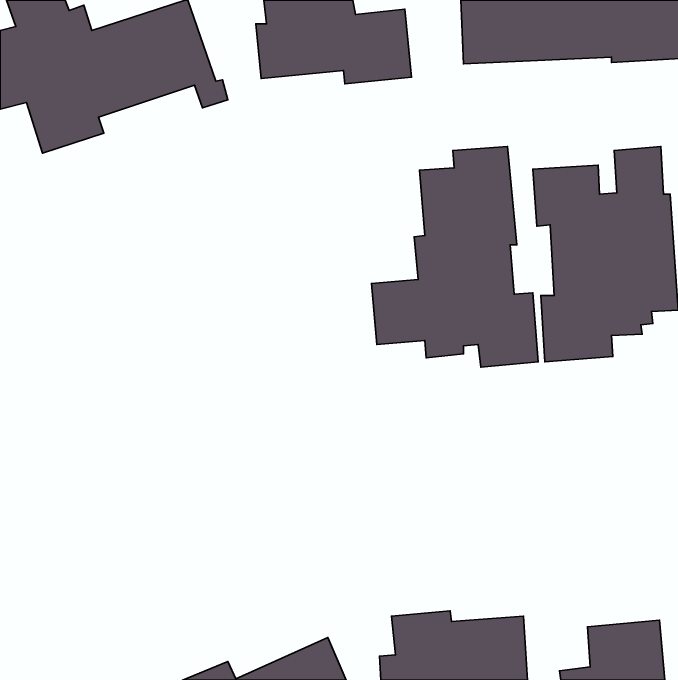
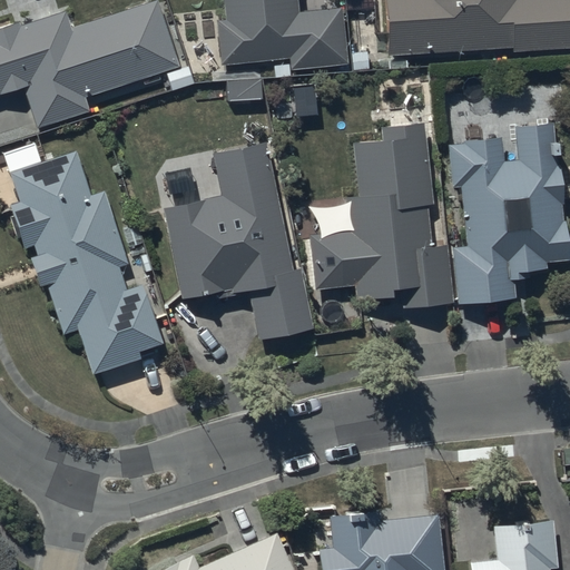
building: none -> [164,141,313,341]
building: none -> [10,151,161,374]

